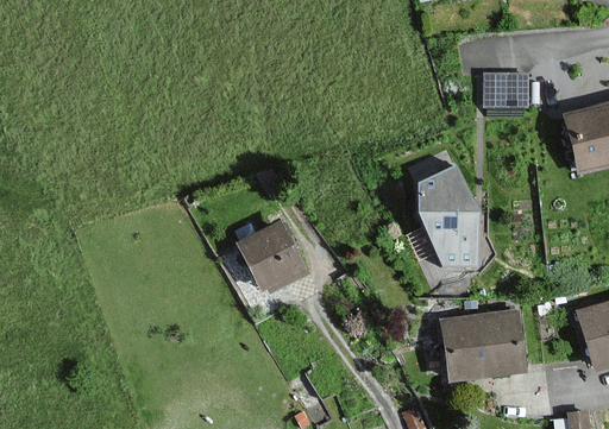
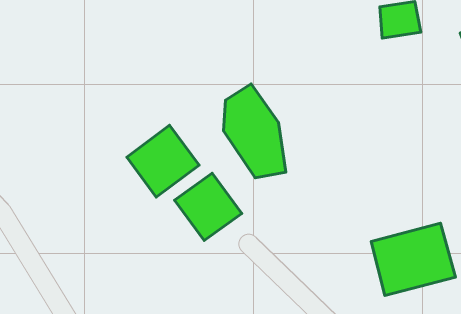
building: none -> [127,125,199,197]
building: [417,166,477,266] -> [223,84,286,178]

